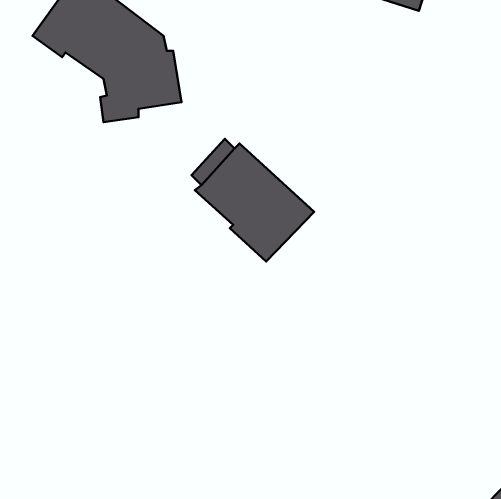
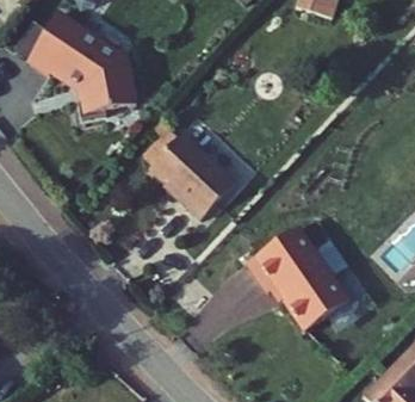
building: none -> [253,221,355,324]

